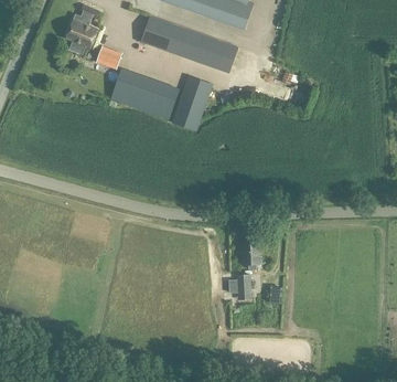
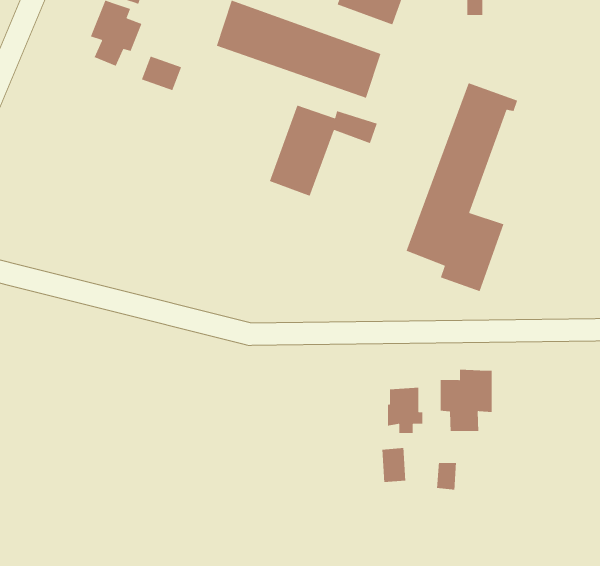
building: none -> [406,82,518,292]
building: [110,70,178,119] -> none
building: none -> [440,369,493,432]

